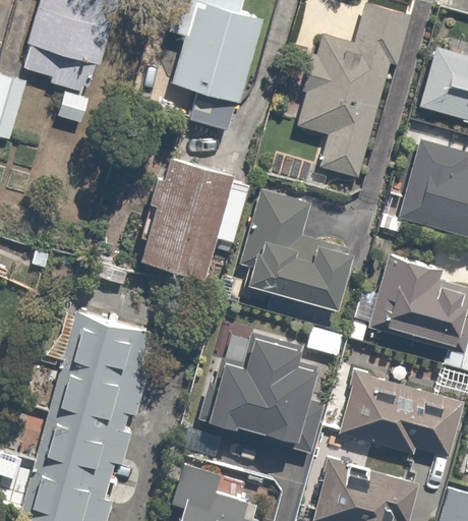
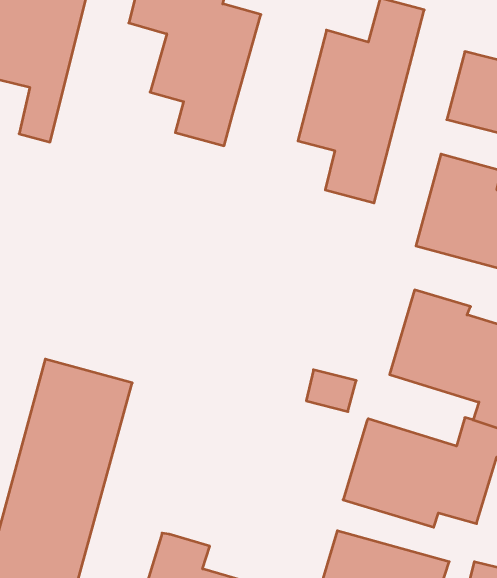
building: [143,158,235,283] -> none
building: [231,188,358,314] -> none
building: [210,342,331,449] -> none

